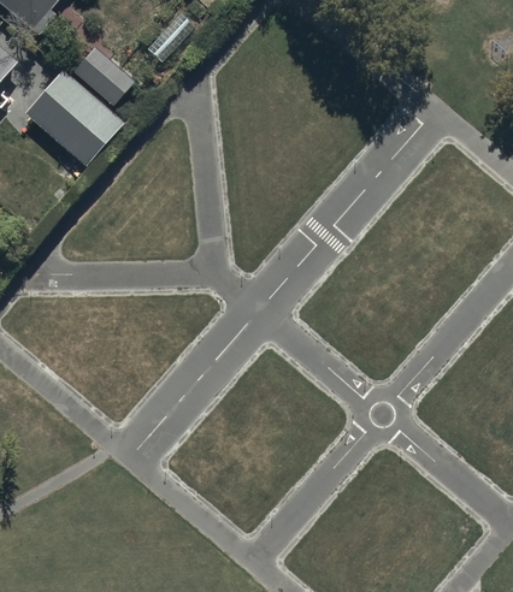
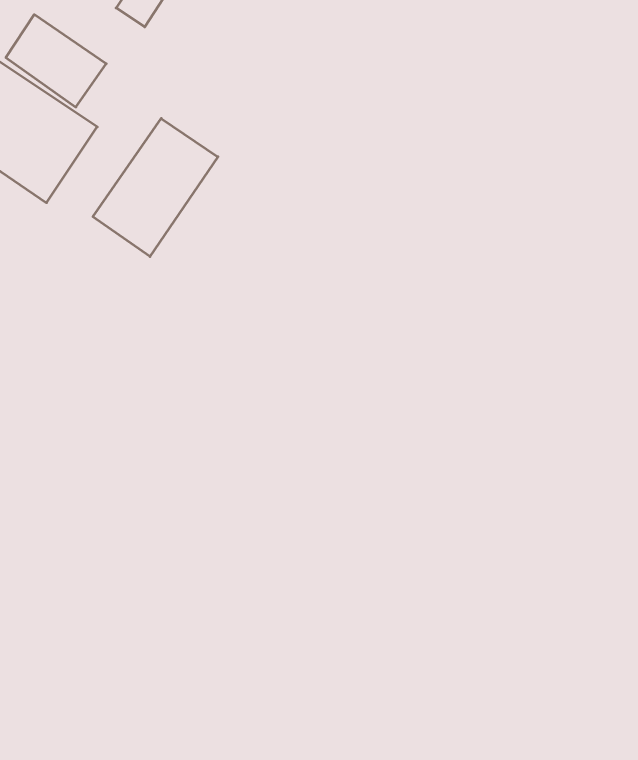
building: none -> [93,118,218,257]

